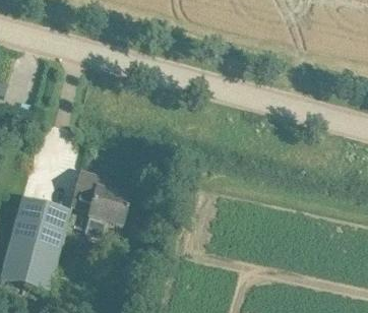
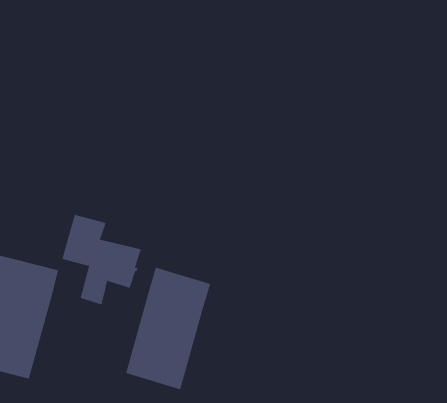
building: none -> [126,267,211,390]

